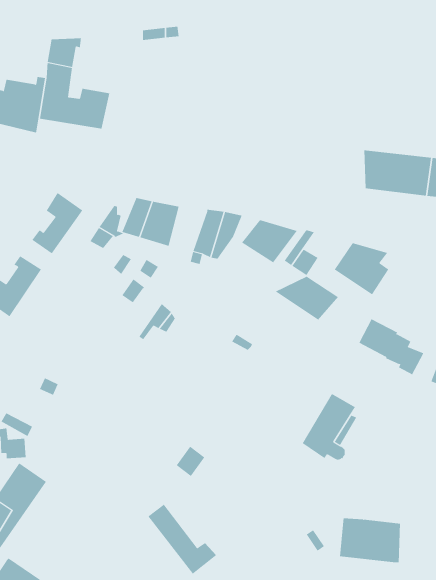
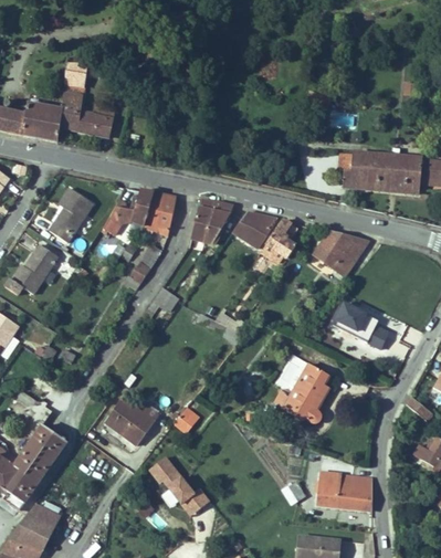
building: [275,276,339,321] -> none
building: none -> [103,400,155,448]

